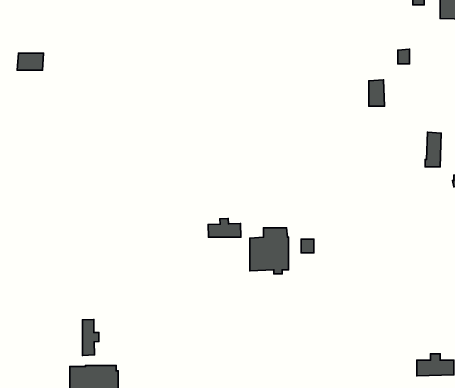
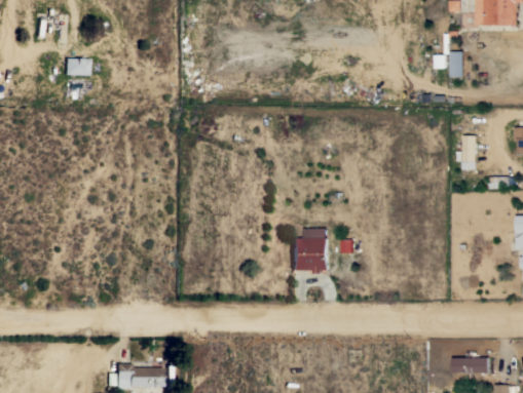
building: [369,80,384,106] -> [449,52,464,78]
building: [208,219,241,237] -> none
building: [83,319,99,355] -> none

